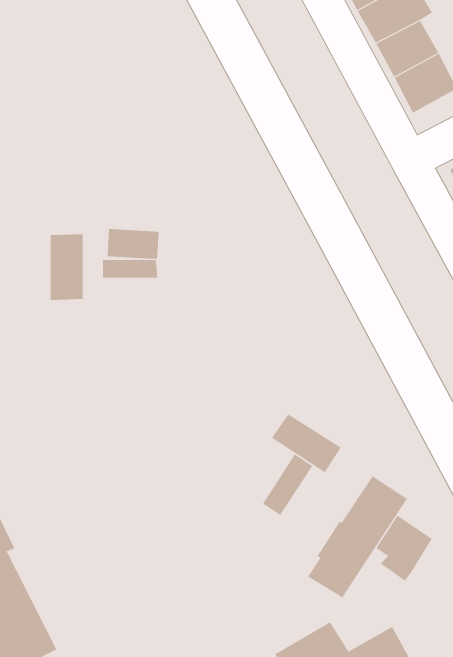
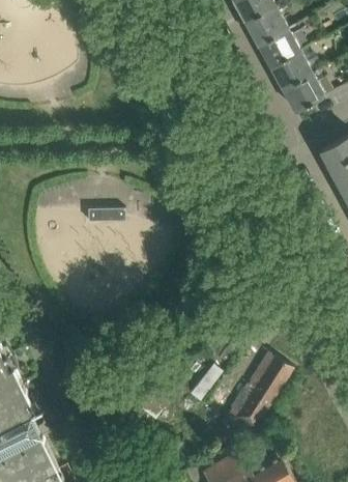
building: [50,233,83,301] -> none
building: [271,414,342,473] -> none
building: [375,515,432,581] -> none

